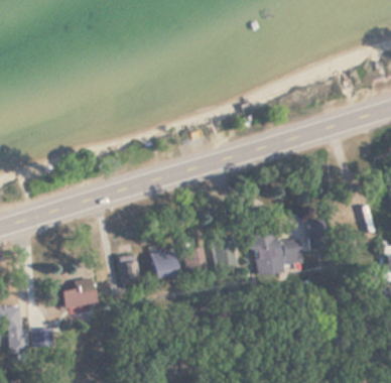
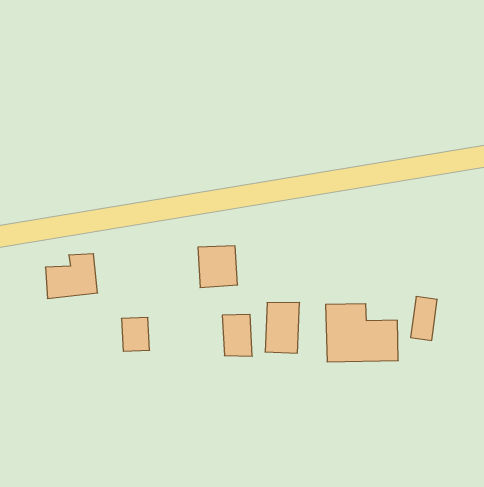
building: [151,249,180,279] -> [198,246,238,288]
building: [63,276,100,309] -> [45,254,98,298]

